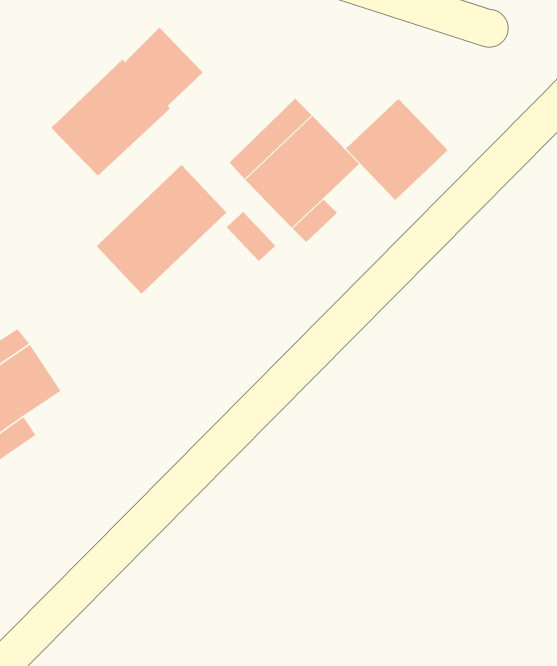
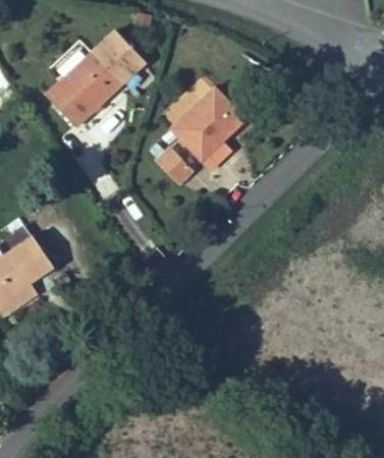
building: [345,98,448,201] -> none
building: [96,164,227,295] -> none

